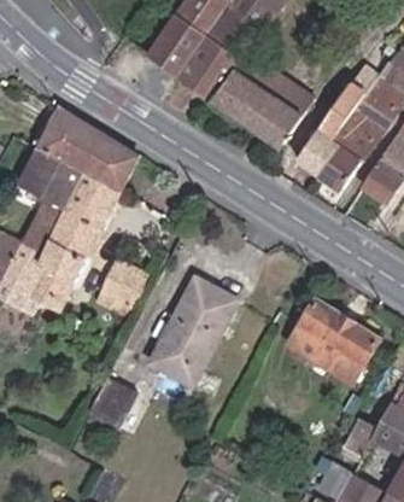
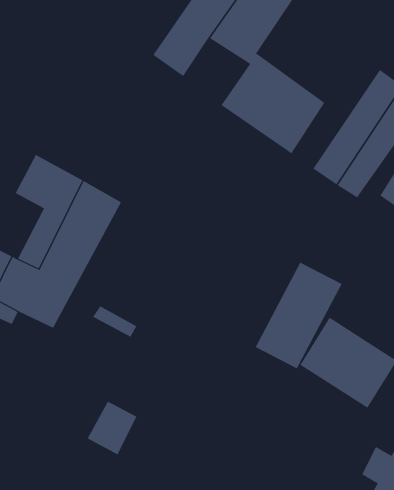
building: [178,37,240,98] -> none
building: [40,110,136,191] -> none
building: [100,259,150,307] -> none
building: [152,280,234,380] -> [255,262,342,369]

